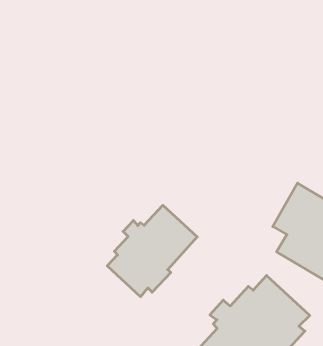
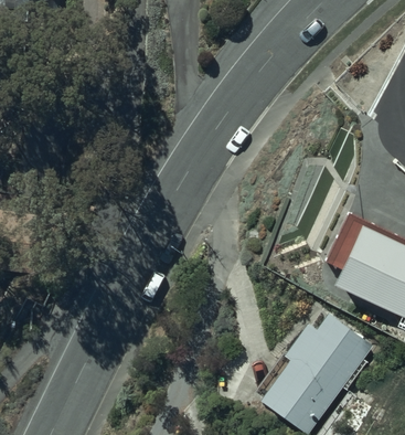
building: [107,205,197,297] -> none

